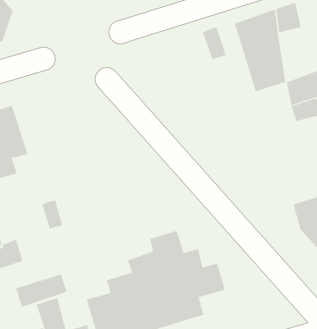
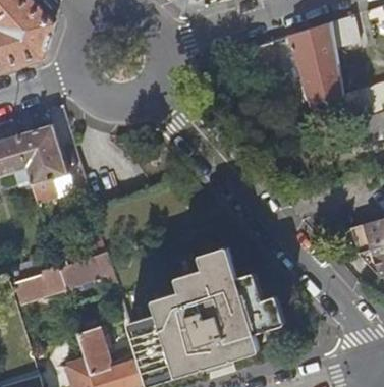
building: [15,274,67,307] -> [57,253,112,288]

